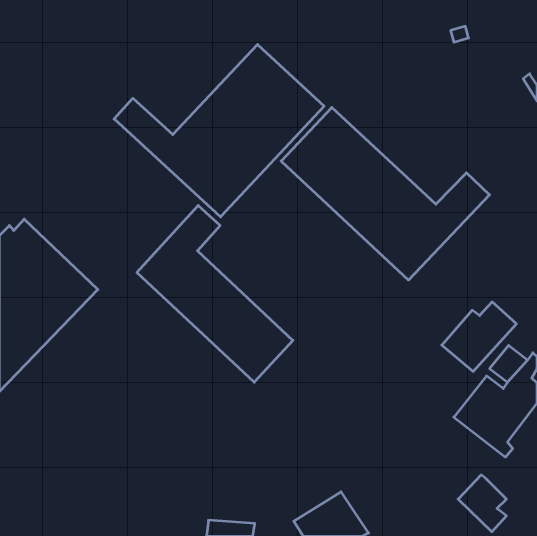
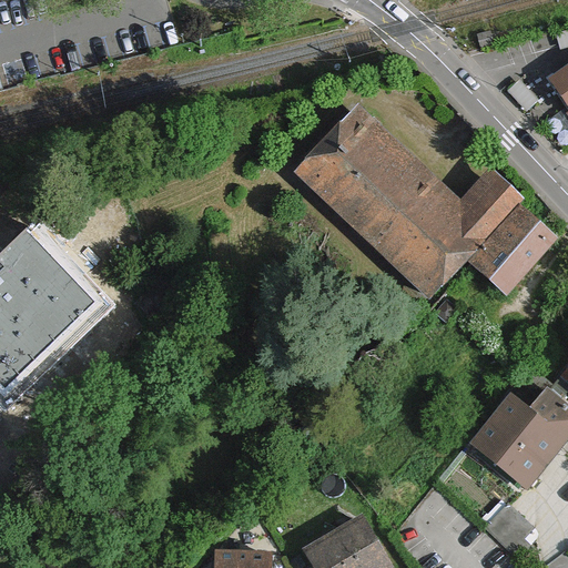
building: [114,44,324,217] -> none
building: [137,205,293,382] -> none
building: [442,302,516,371] -> [470,214,549,287]

